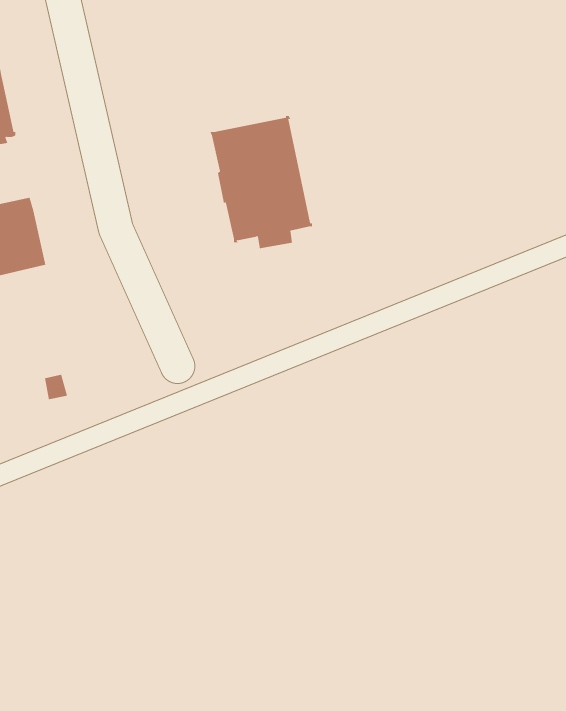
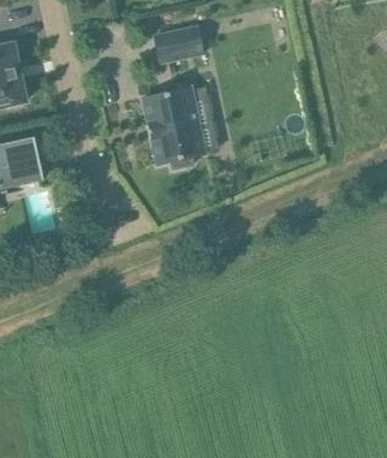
building: none -> [154,25,203,61]

